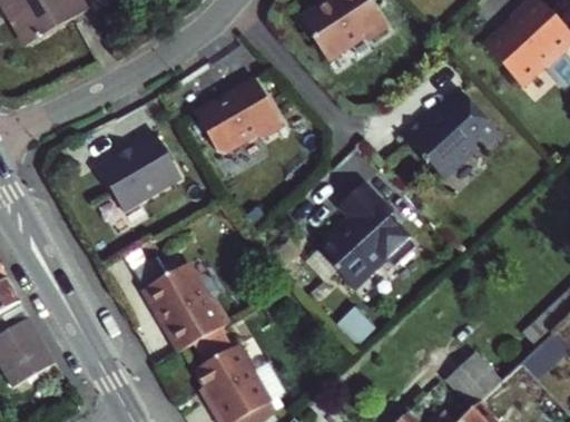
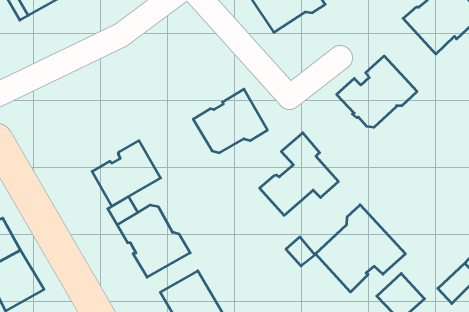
building: [195,76,283,151] -> [193,89,267,153]
building: [98,129,179,207] -> [92,141,161,206]
building: none -> [315,205,405,292]

